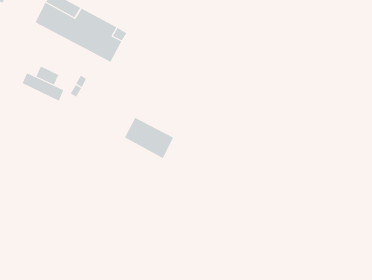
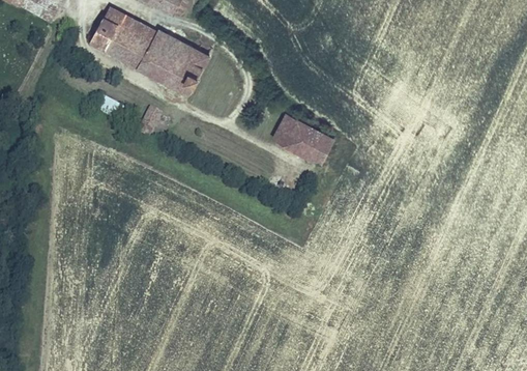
building: [22,73,64,101] -> none
building: [124,117,174,159] -> [267,112,330,165]

